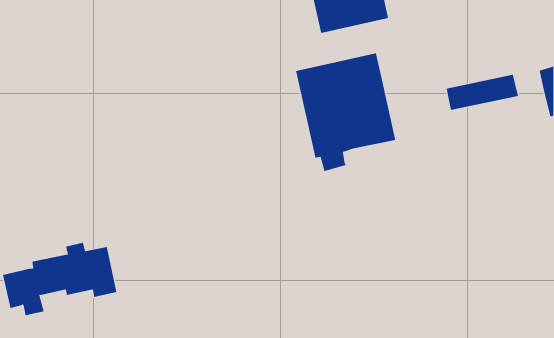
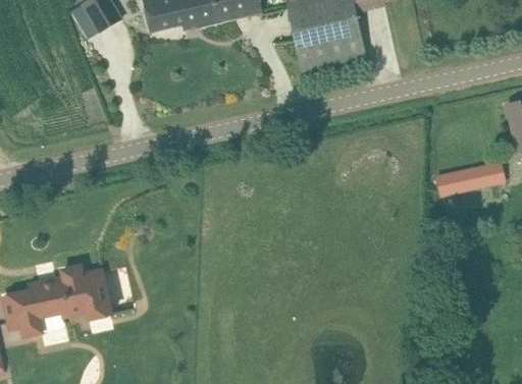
building: [295,52,396,172] -> none
building: [446,74,519,110] -> [435,161,504,195]

